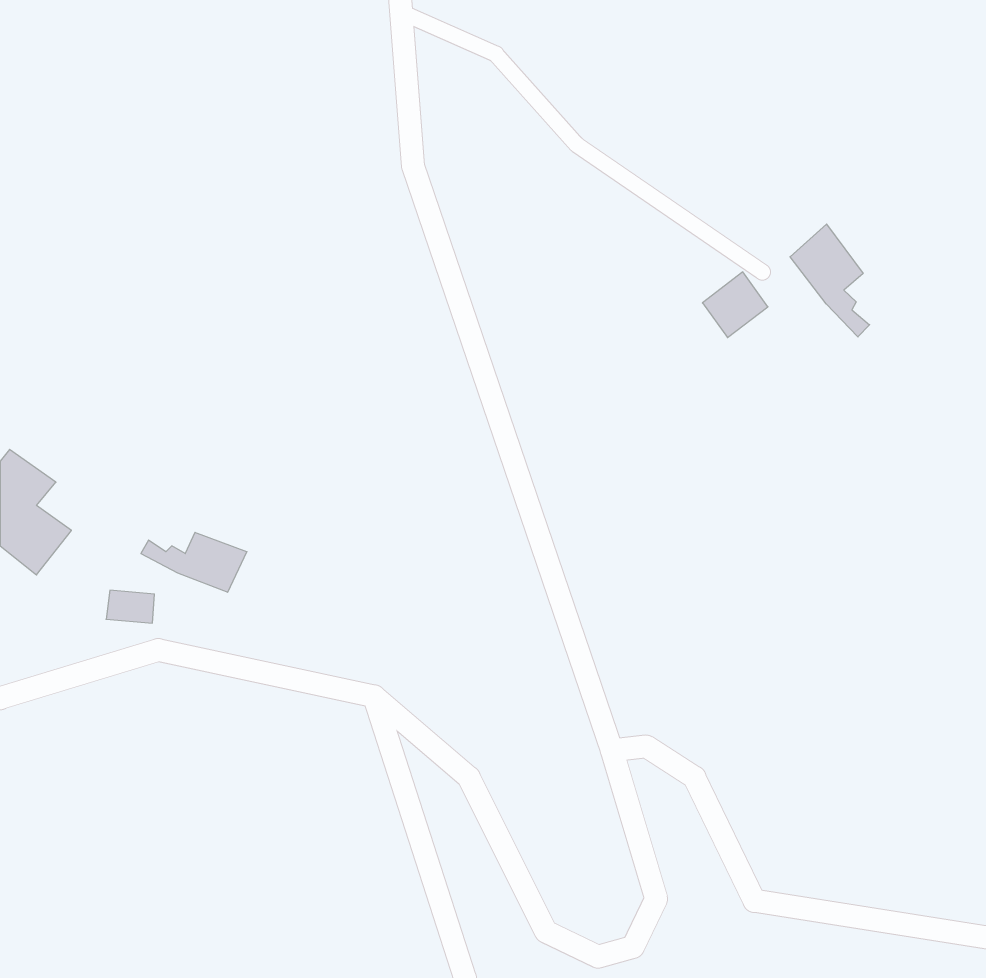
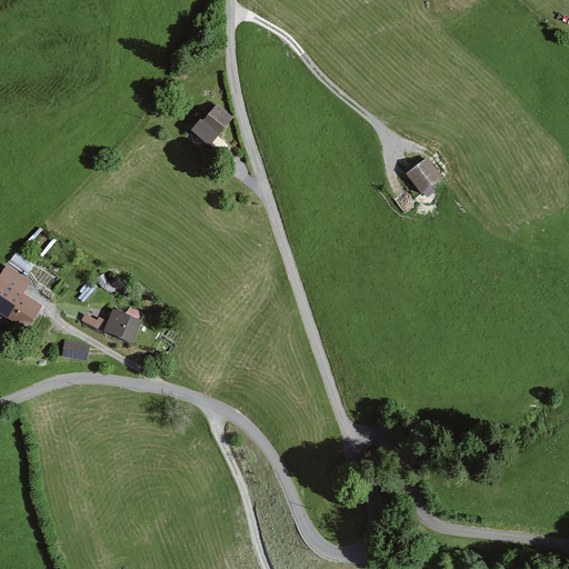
building: none -> [190,101,232,144]
building: [790,224,870,337] -> none

